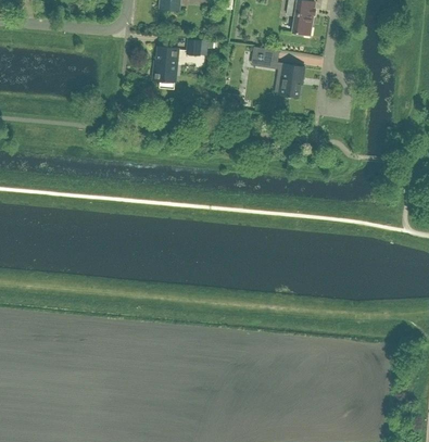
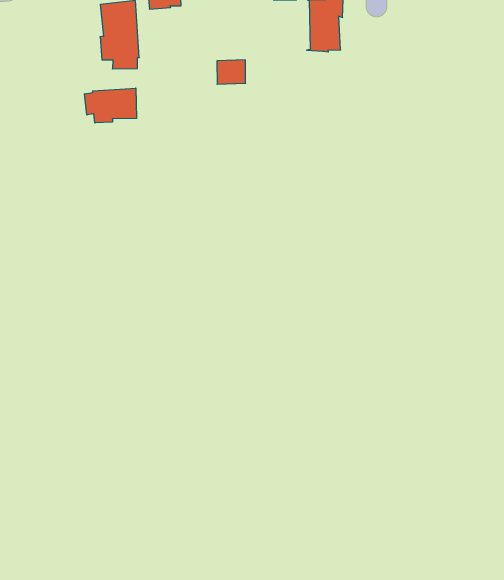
building: none -> [85,88,137,123]

